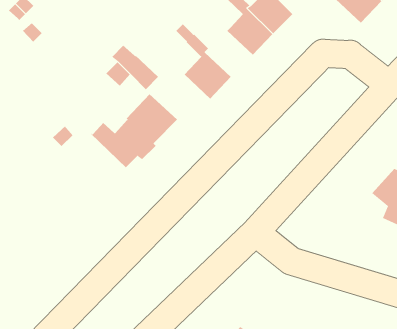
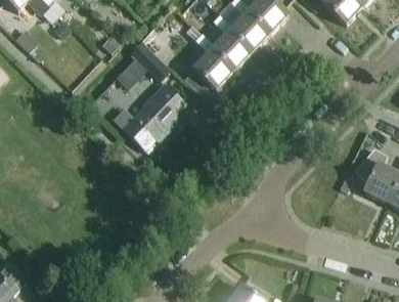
building: none -> [211,13,252,70]

